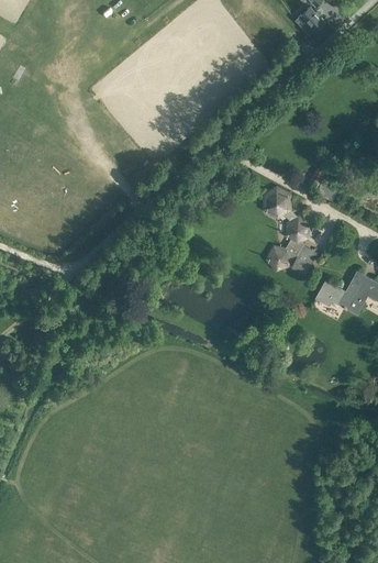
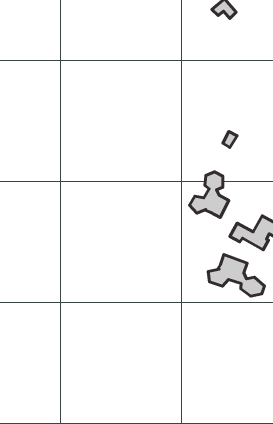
building: [264,189,291,219] -> none
building: none -> [208,255,264,296]

